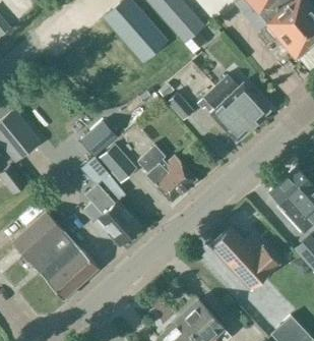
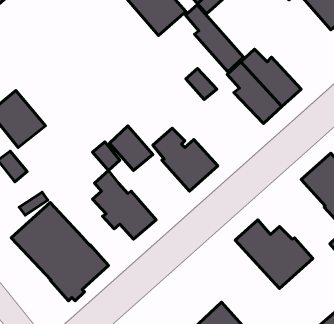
building: none -> [186,5,243,72]
building: [83,123,118,157] -> none

